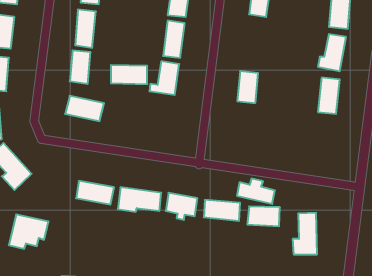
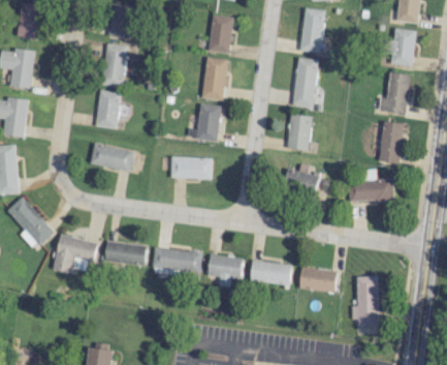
building: none -> [294,58,320,107]
building: [111,65,147,84] -> [171,157,213,179]
building: none -> [350,170,395,203]
building: [237,179,275,204] -> [285,164,328,193]
building: [9,214,49,249] -> [53,235,98,274]

